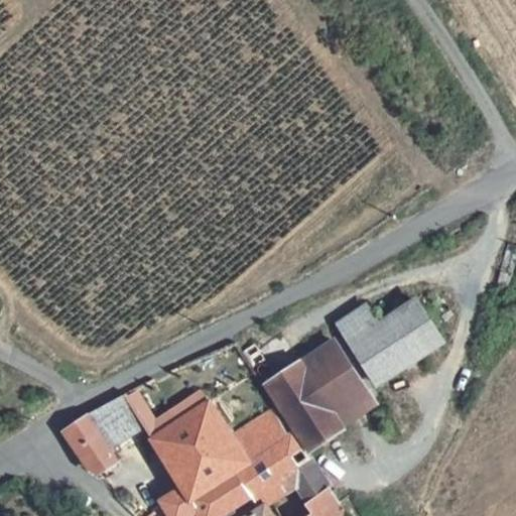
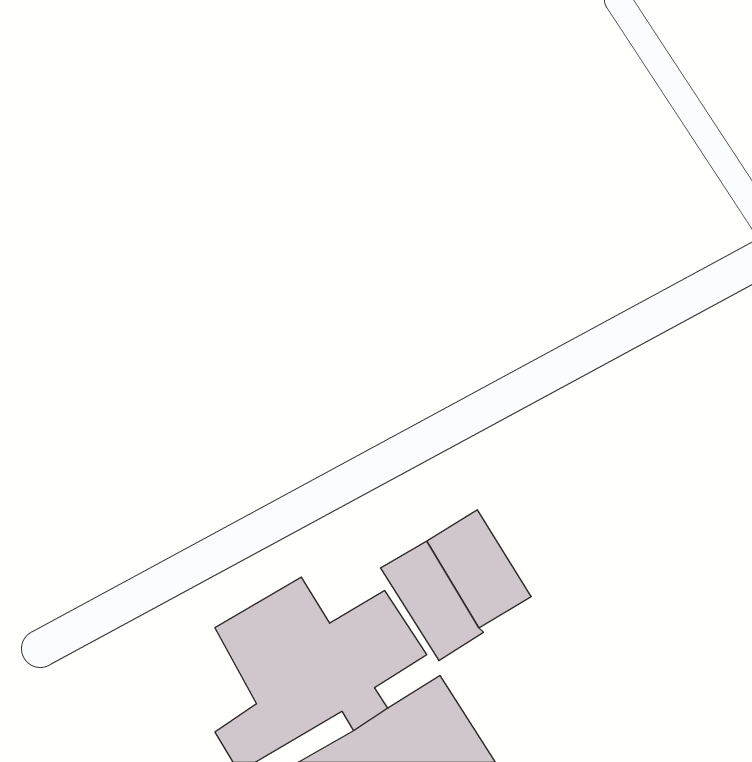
building: [335,297,438,390] -> none
building: [75,395,152,469] -> none

